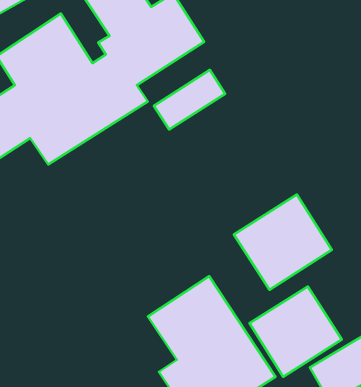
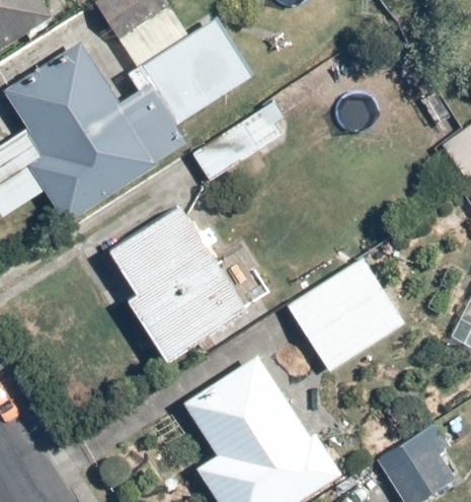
building: none -> [105,205,279,362]
building: [250,287,342,377] -> none

